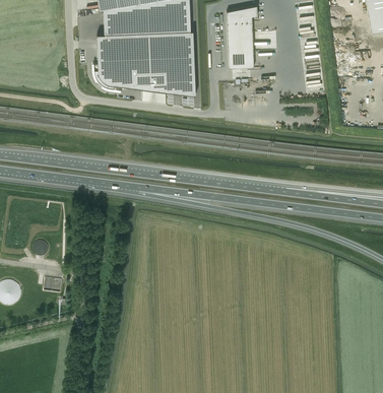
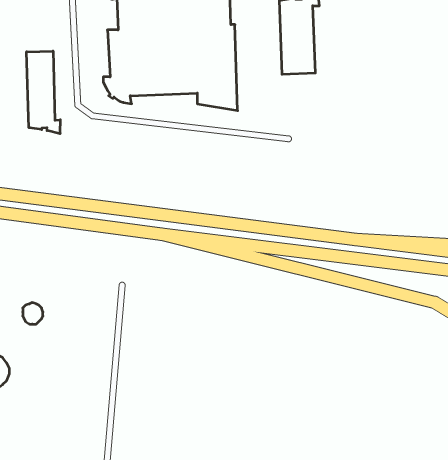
building: none -> [27,51,60,134]

